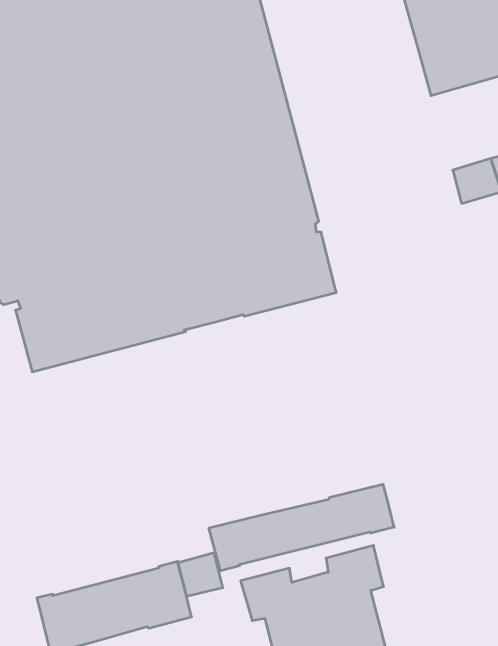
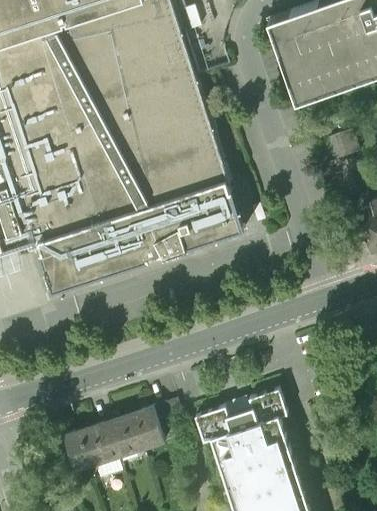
building: [209,484,394,571] -> none

